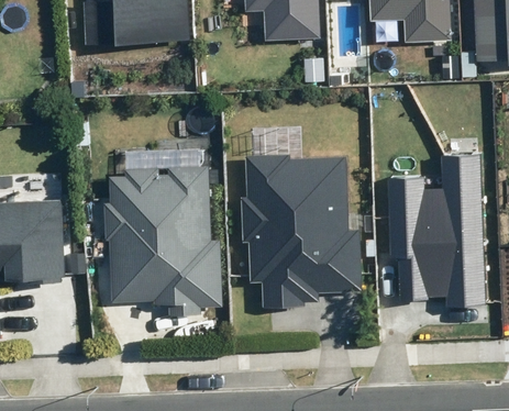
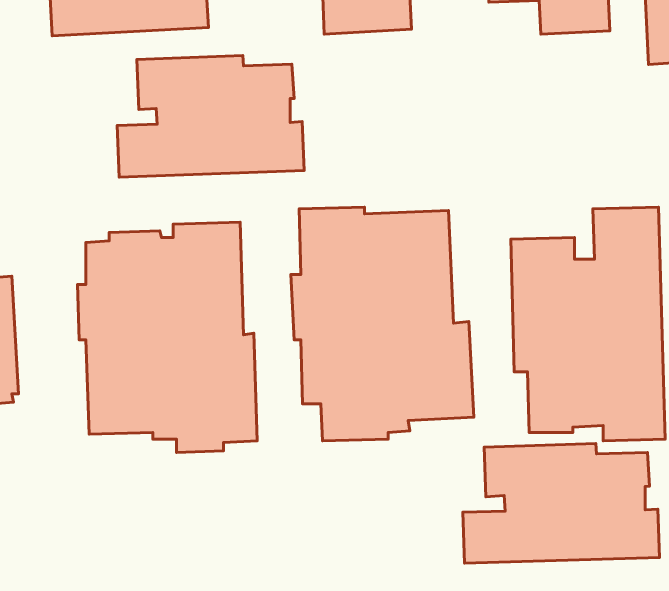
building: none -> [117,55,304,177]
building: none -> [463,444,659,563]

